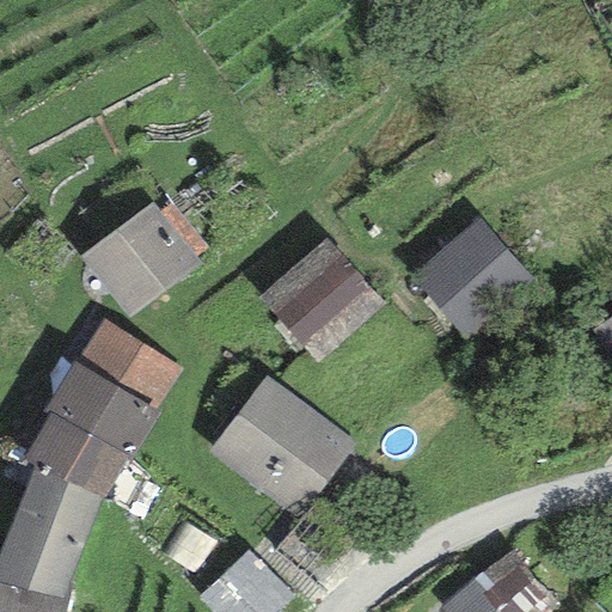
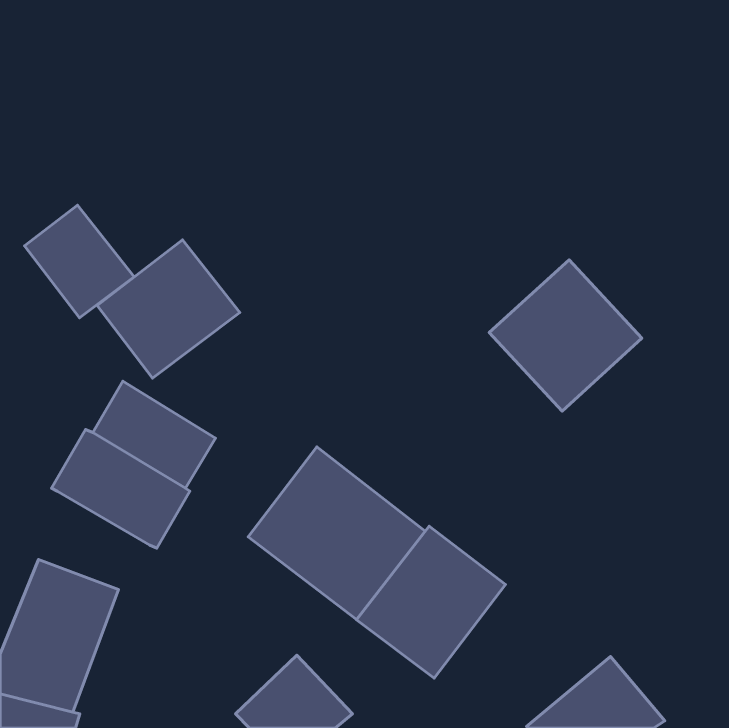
building: none -> [24,205,134,318]
building: [258,235,386,363] -> none
building: [20,411,126,494] -> none
building: none -> [356,526,506,678]

